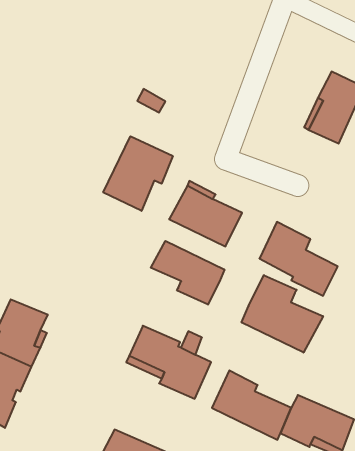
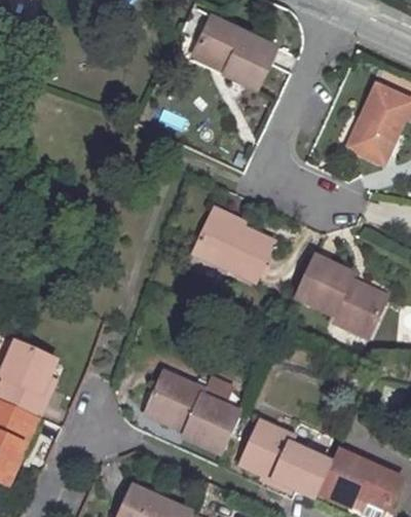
building: none -> [195,11,275,85]
building: [103,136,173,211] -> none
building: [151,241,224,305] -> none
building: [242,275,323,353] -> none

